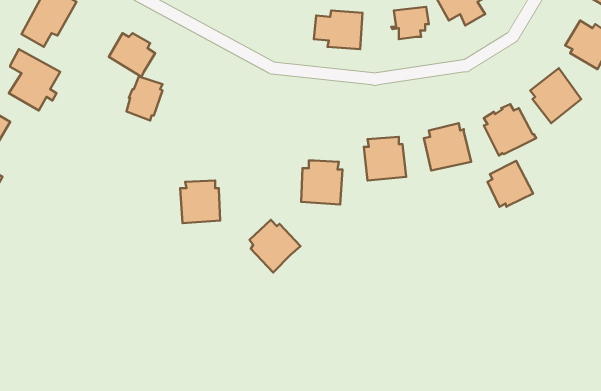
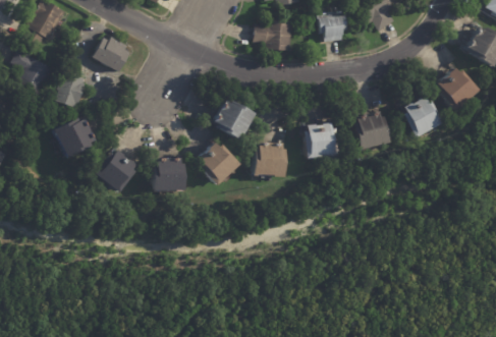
building: [126,77,163,120] -> [54,72,84,108]
building: none -> [209,100,251,138]
building: none -> [48,116,89,158]
building: [488,161,533,207] -> none
building: none -> [91,147,132,192]
building: [249,220,301,273] -> [195,142,236,184]

